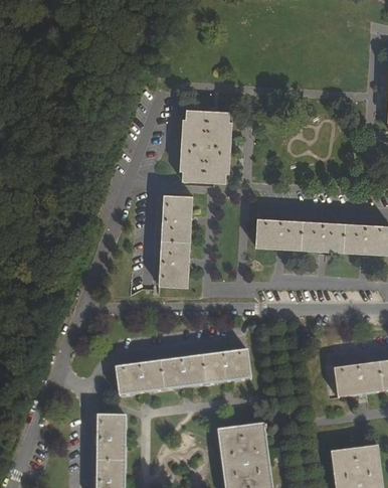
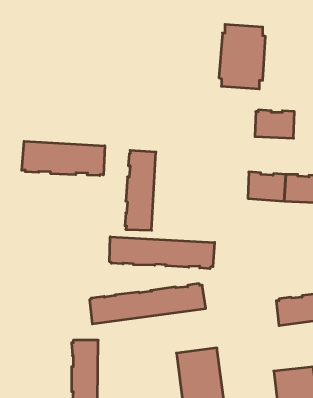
building: [178,108,232,183] -> [219,24,265,89]
building: none -> [22,141,105,176]
building: [255,216,302,250] -> [255,110,294,138]
building: none -> [110,237,215,269]

